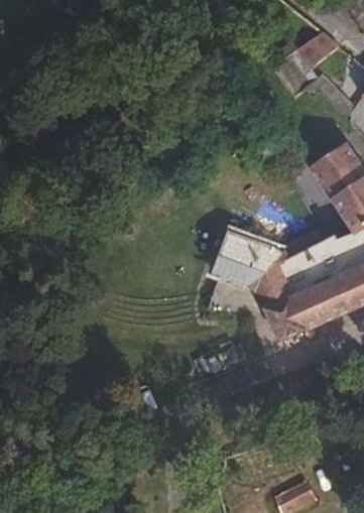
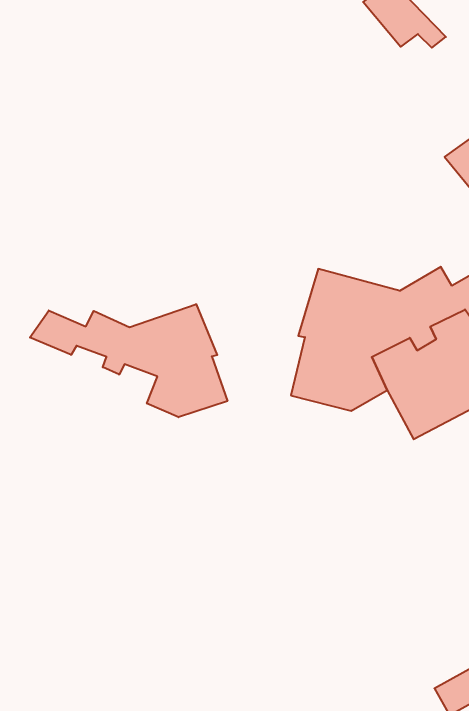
building: none -> [30,304,227,417]

